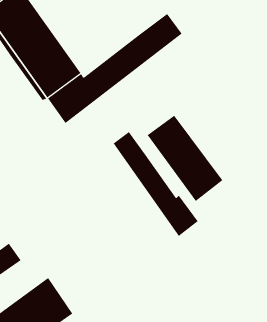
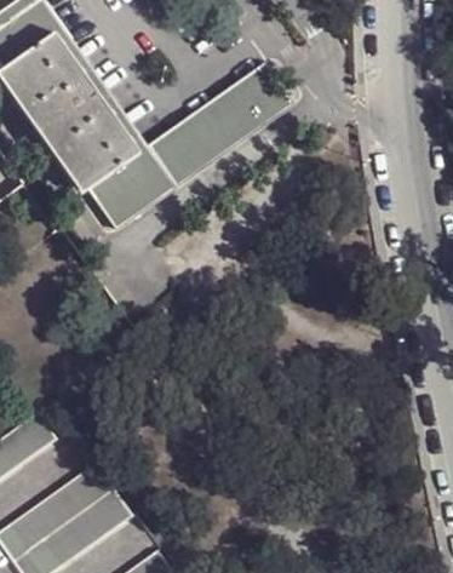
building: [147,115,223,202] -> none
building: [113,131,199,237] -> none

